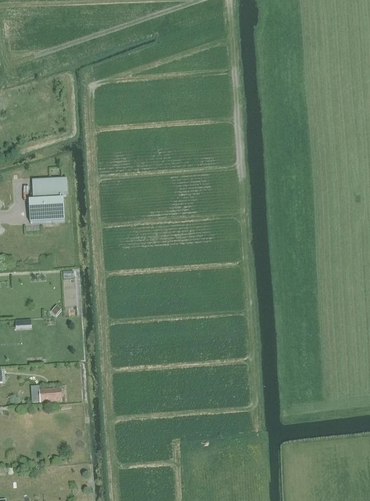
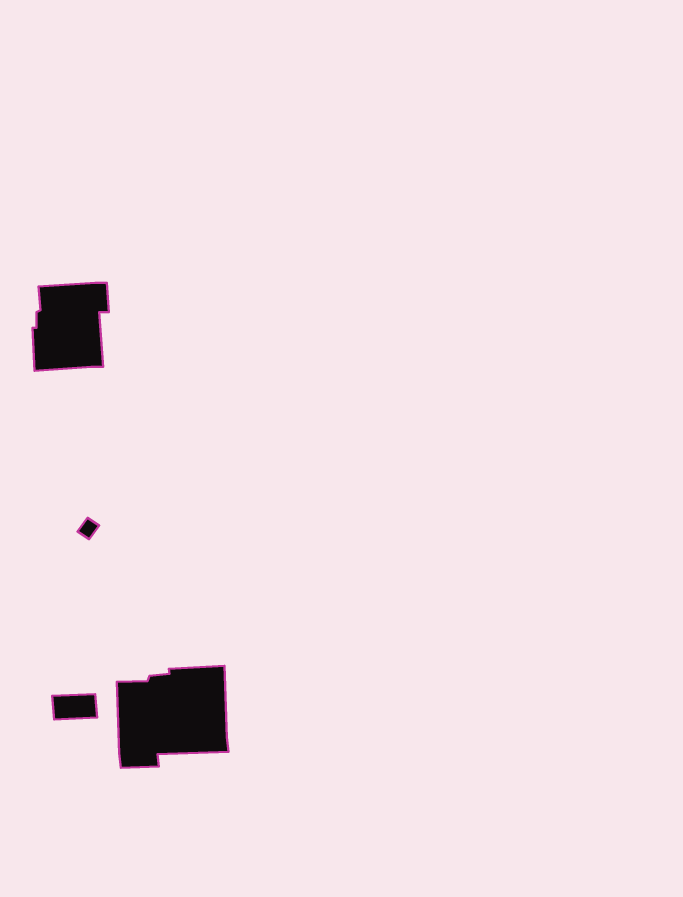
building: none -> [117,666,228,768]

